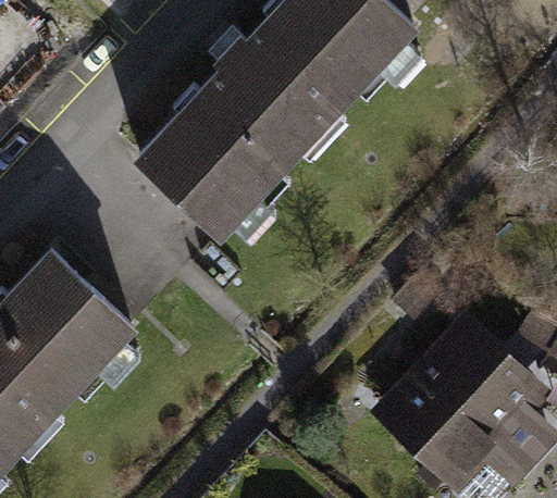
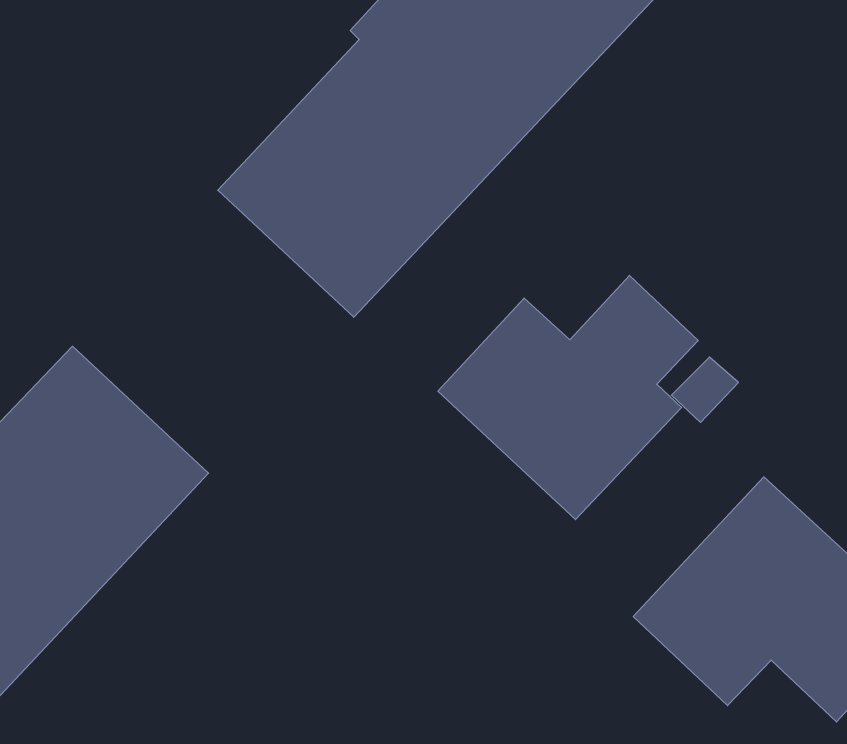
building: none -> [438,275,698,520]

